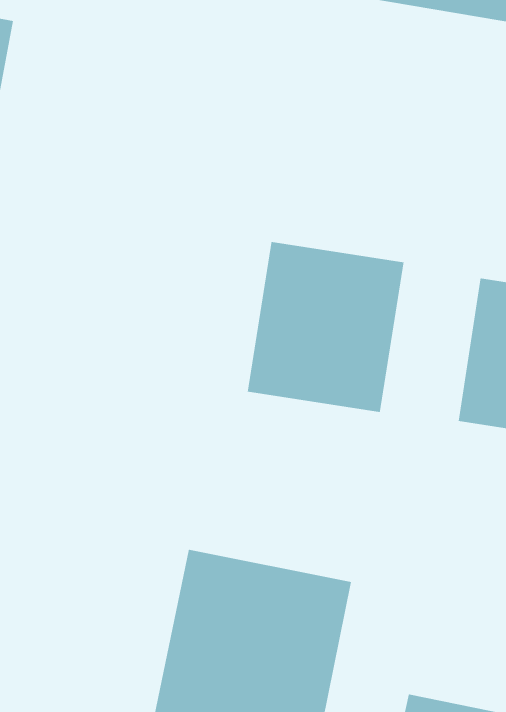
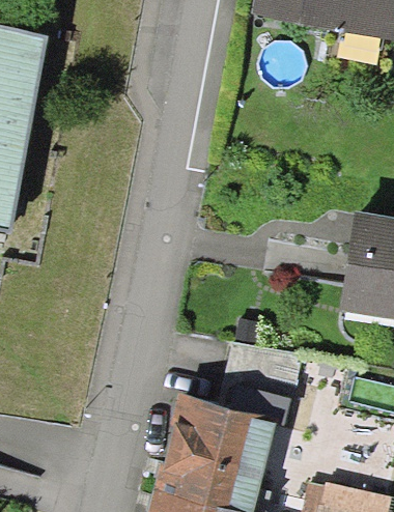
building: [247,241,404,413] -> none

